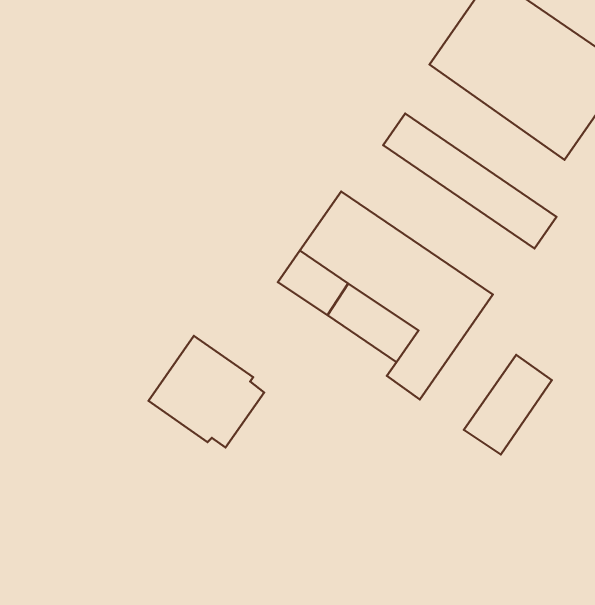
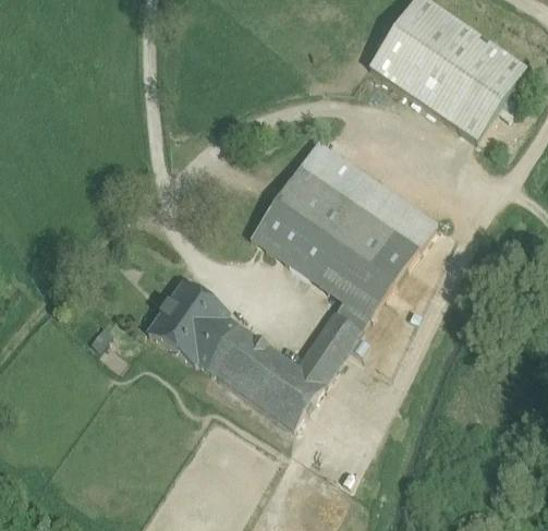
building: [383,113,557,248] -> [300,140,437,246]
building: [464,355,552,455] -> none
building: none -> [208,311,362,427]

